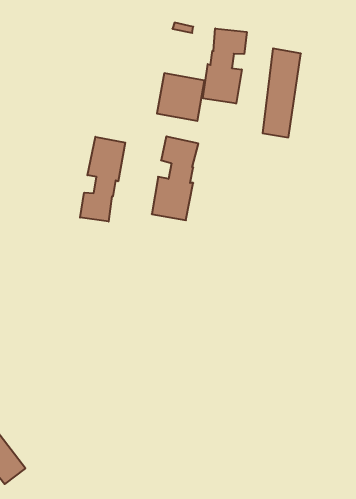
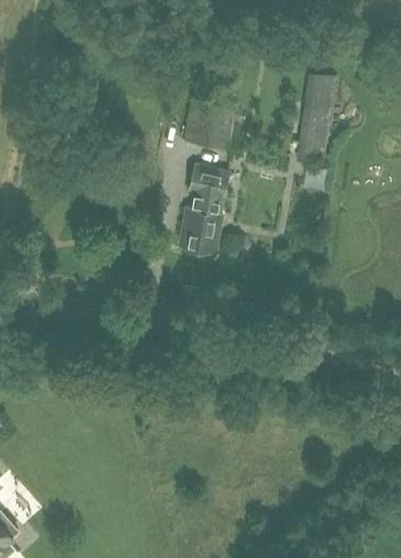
building: [203,28,247,104] -> none
building: [80,137,125,222] -> none

